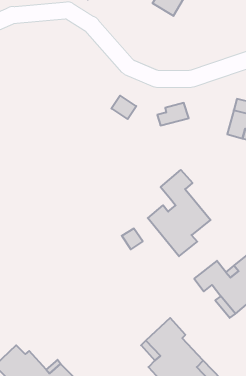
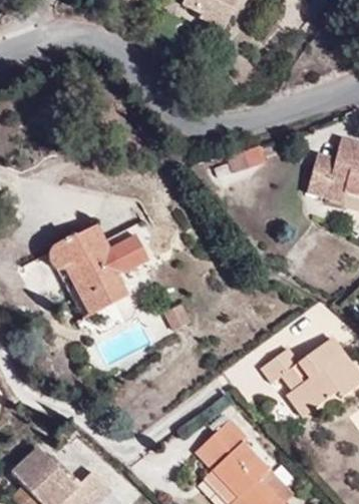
building: none -> [42,221,150,313]
building: [148,170,211,256] -> none

